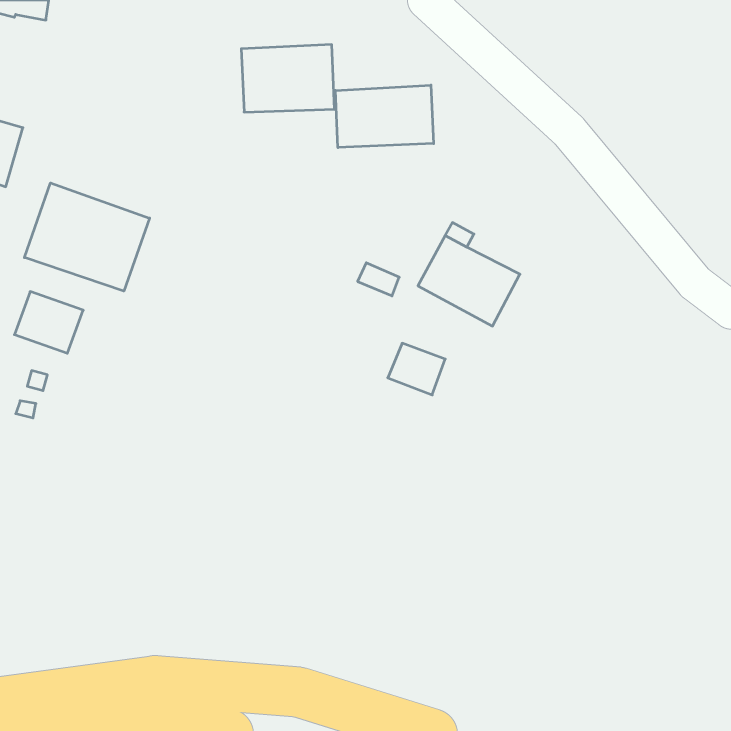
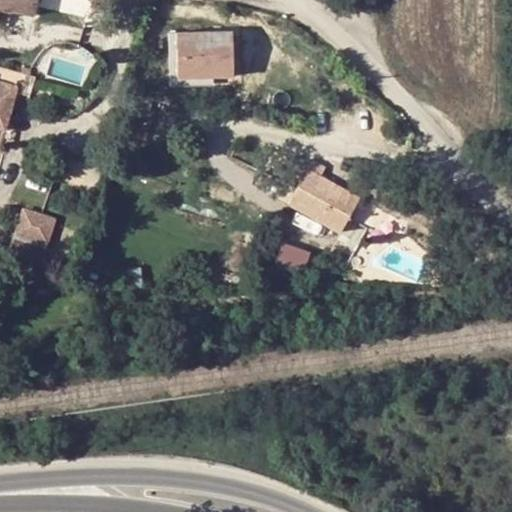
building: [335,85,434,148] -> none
building: [24,183,150,291] -> none

